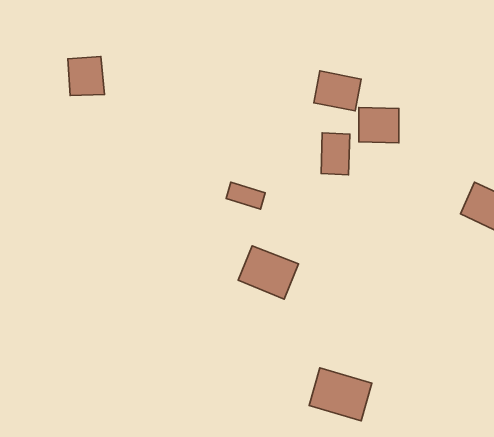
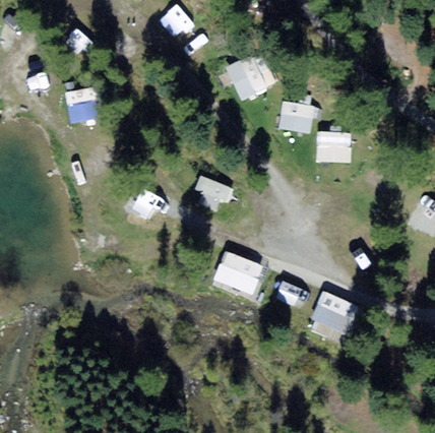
building: none -> [225,52,276,101]
building: [321,133,350,175] -> none
building: [309,368,372,421] -> [310,292,364,337]

